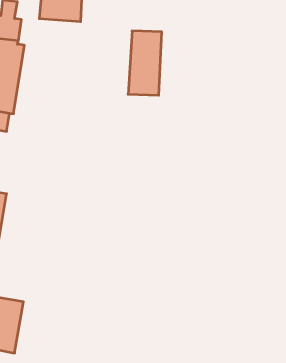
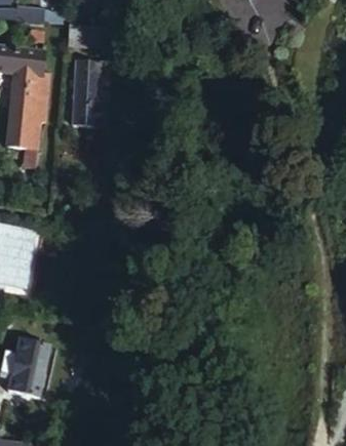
building: [128,31,162,95] -> [71,60,106,127]

